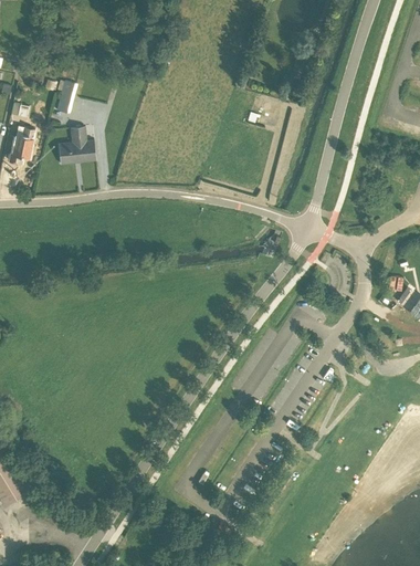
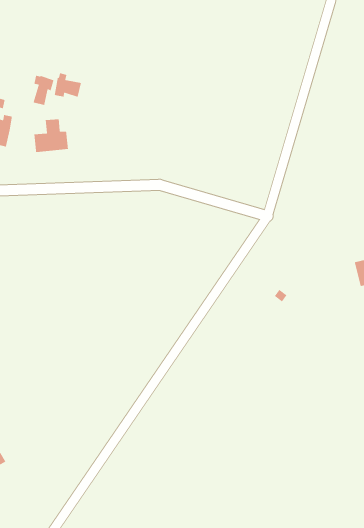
building: none -> [54,72,82,98]

